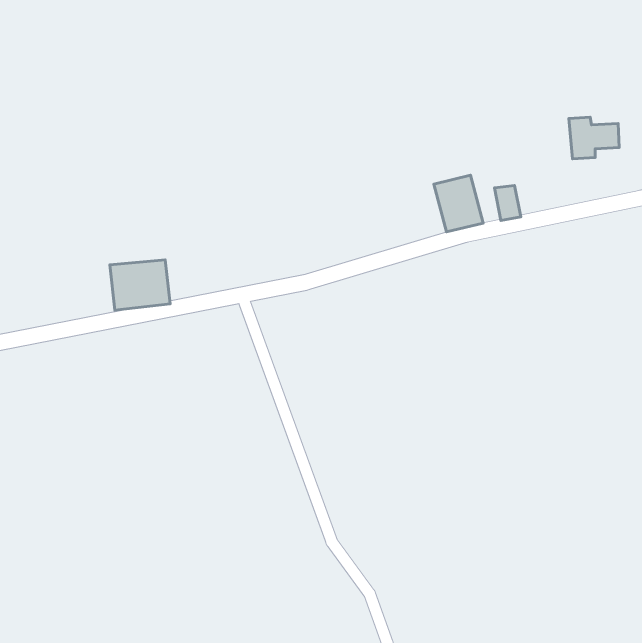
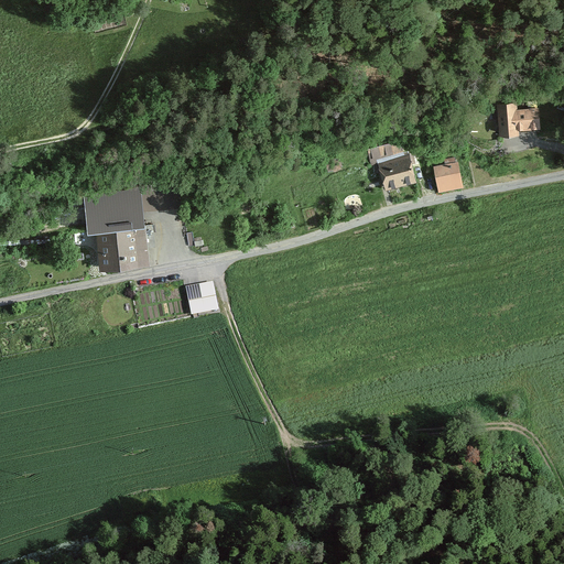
building: none -> [84,187,144,232]
building: none -> [184,280,217,313]

